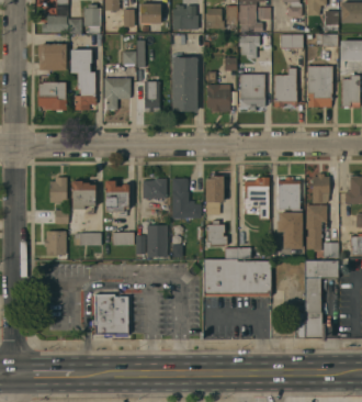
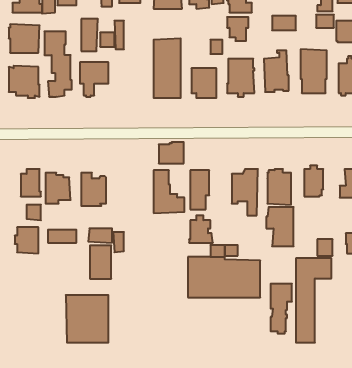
building: [145,81,160,111] -> [81,19,98,51]
building: [143,178,166,198] -> [159,142,184,163]
building: [306,205,326,252] -> [271,284,292,334]
building: [147,225,167,256] -> [90,245,111,279]

